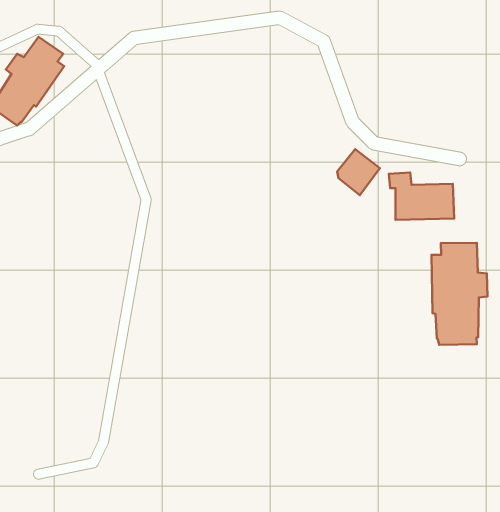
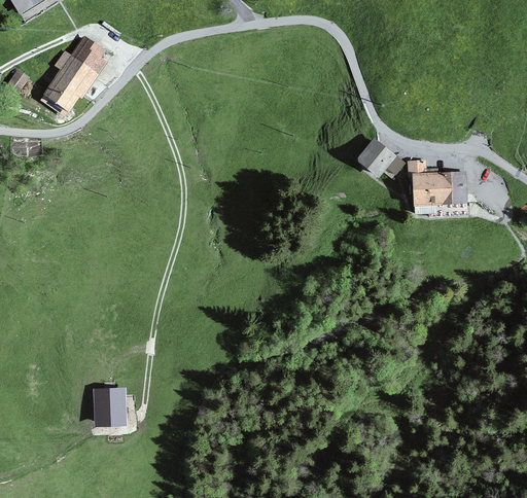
building: [432,243,488,345] -> none
building: none -> [93,386,126,422]

